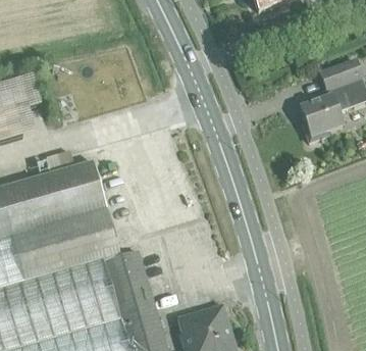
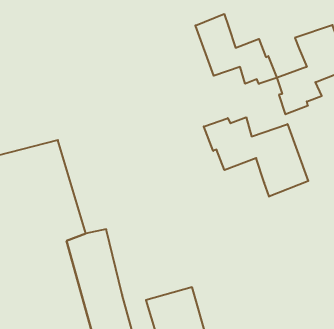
building: none -> [195,14,277,84]
building: none -> [204,117,308,197]

